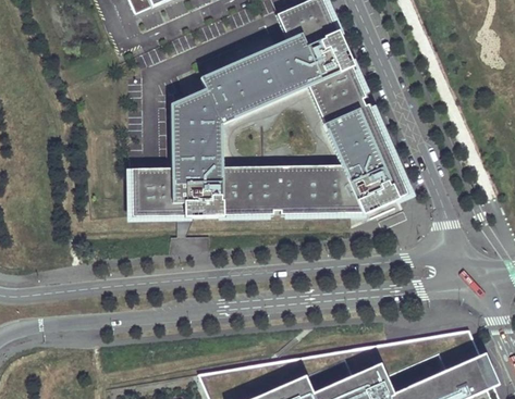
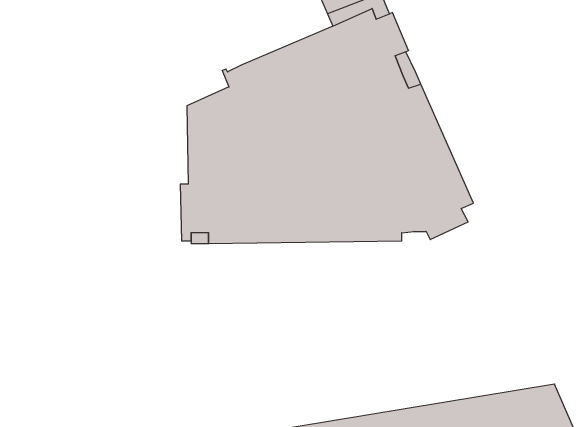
building: [136,170,169,216] -> none

